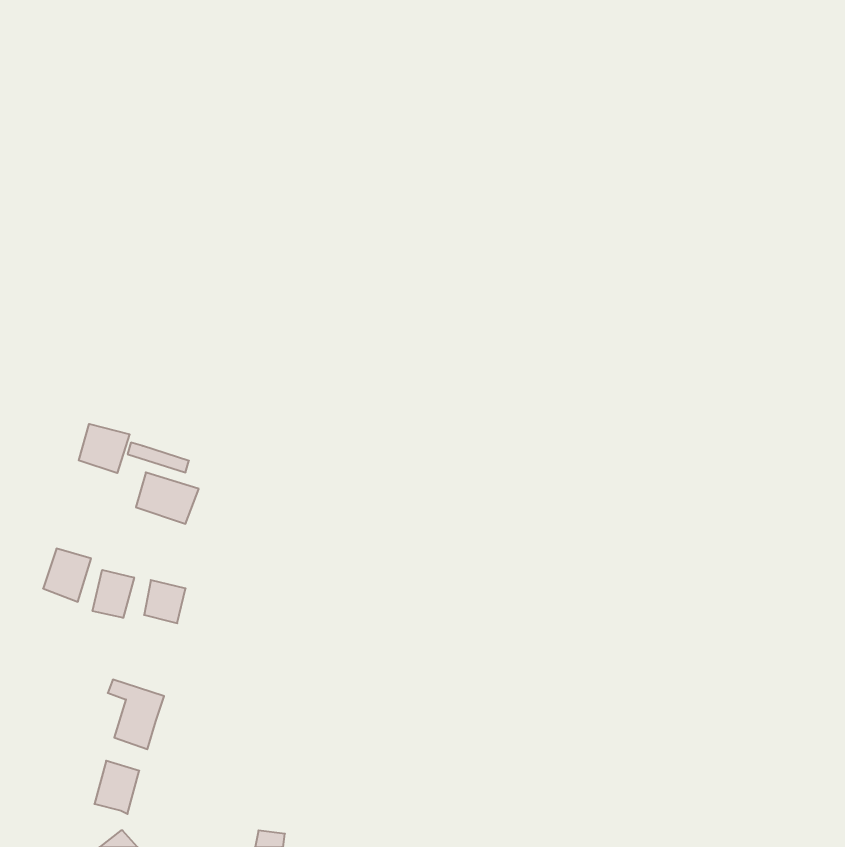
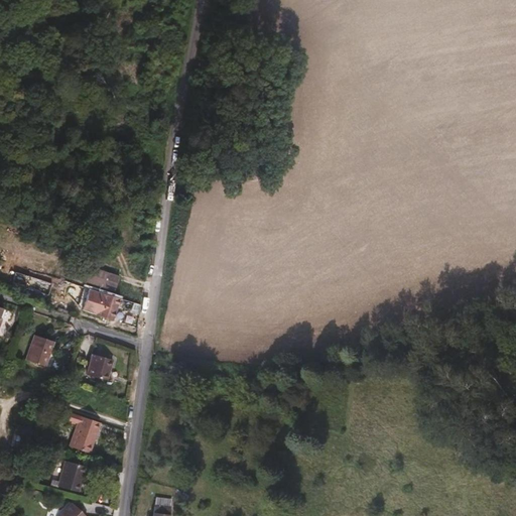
building: [79,424,130,473] -> none
building: [93,570,134,618] -> none

